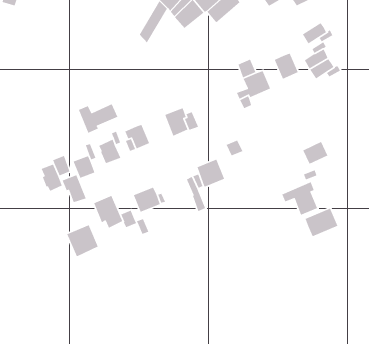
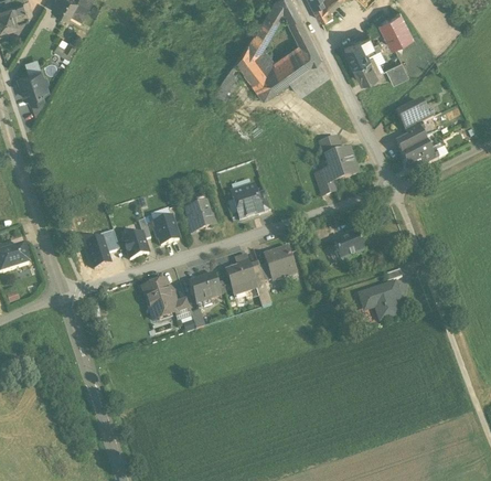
building: [274,53,299,80] -> none
building: [78,103,118,134] -> none
building: [302,141,329,165] -> [333,235,363,261]
building: none -> [225,260,257,296]
building: [62,174,87,203] -> none
building: [304,207,338,237] -> none
building: [66,224,99,257] -> none

